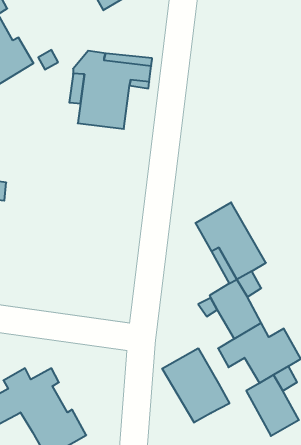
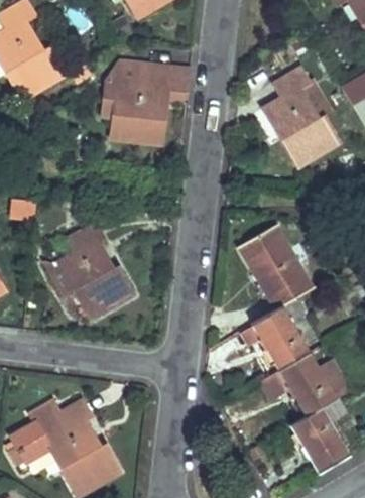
building: none -> [263,69,339,167]
building: none -> [43,223,133,318]
building: [162,348,229,423] -> none

